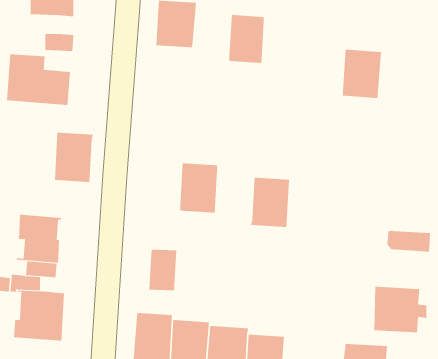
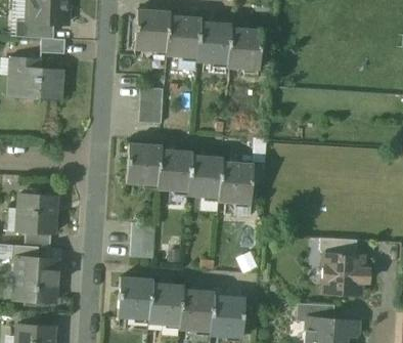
building: none -> [168,16,201,58]
building: none -> [15,22,52,39]
building: [342,49,382,98] -> [227,29,261,71]
building: none -> [138,89,162,124]
building: [54,132,94,182] -> [126,143,160,186]
building: none -> [187,156,220,199]
building: [387,230,431,252] -> [319,239,357,257]

